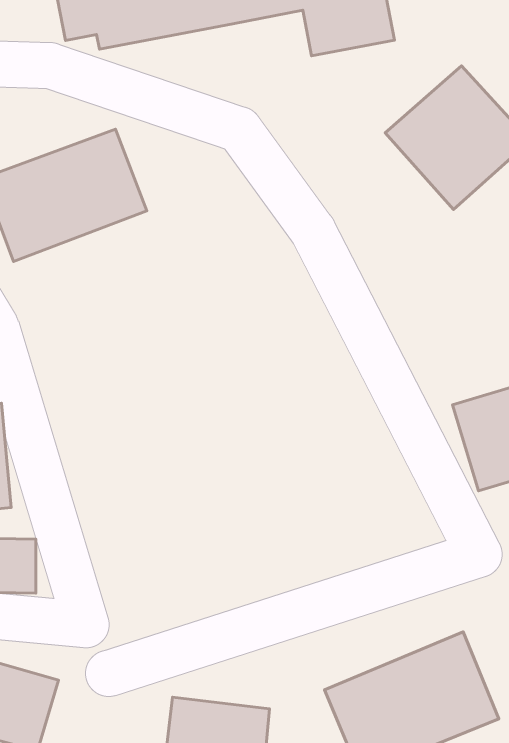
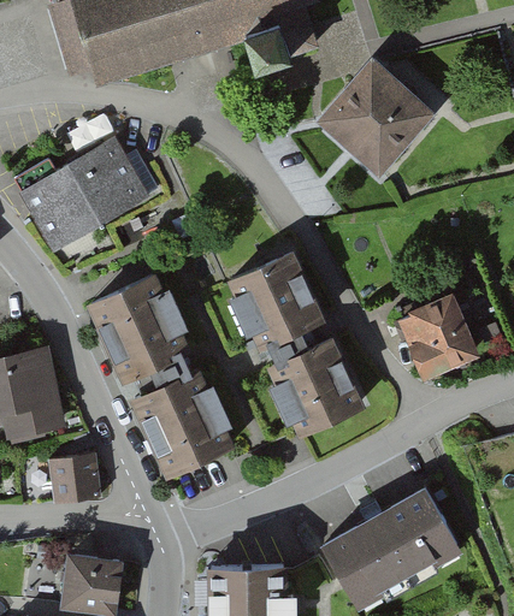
building: none -> [229,250,323,349]
building: none -> [87,274,182,377]
building: none -> [266,336,364,436]
building: none -> [132,373,235,476]

